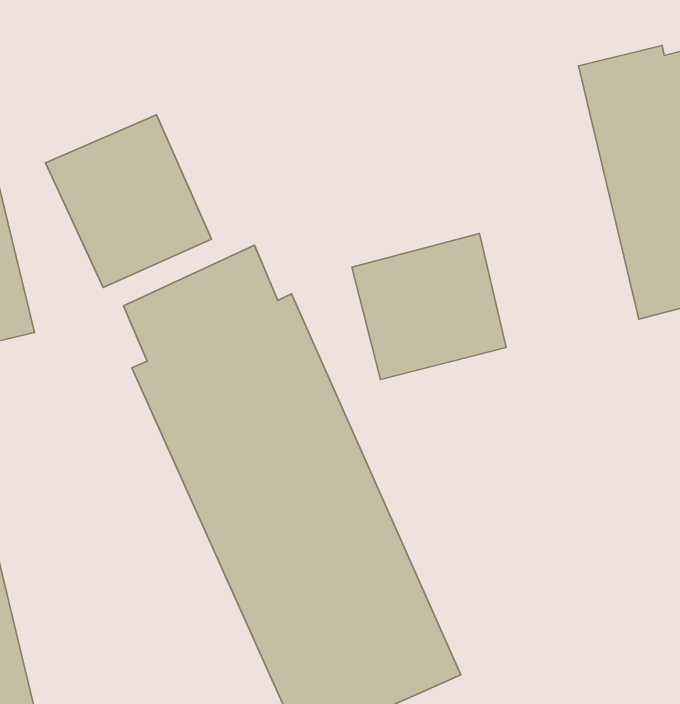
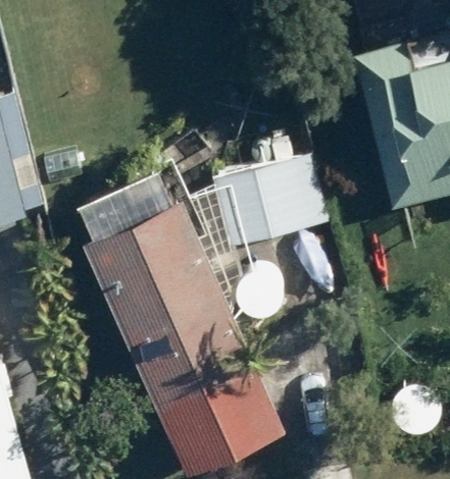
building: [46,115,212,287] -> none

